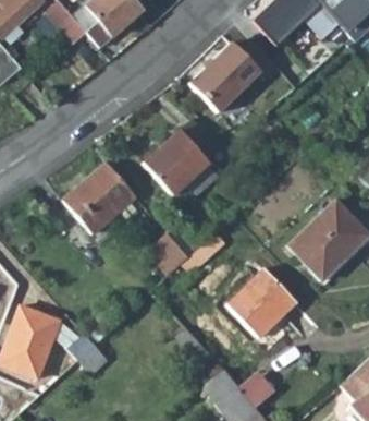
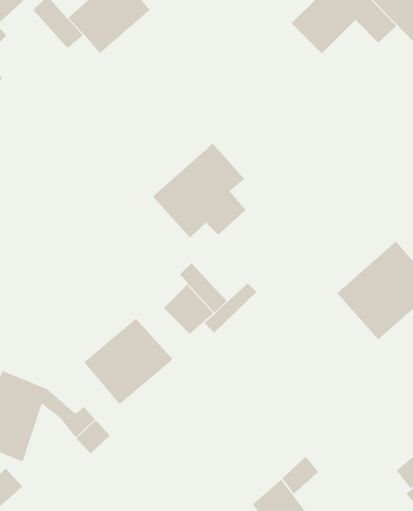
building: [190,41,280,112] -> none
building: [64,163,137,233] -> [83,318,173,405]
building: [218,276,286,344] -> none
building: [205,370,247,412] -> none

